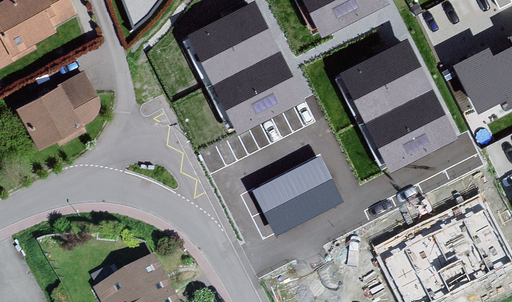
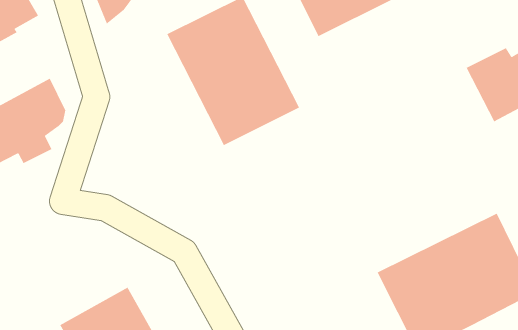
building: [337,36,456,170] -> none
building: [252,154,342,233] -> none

